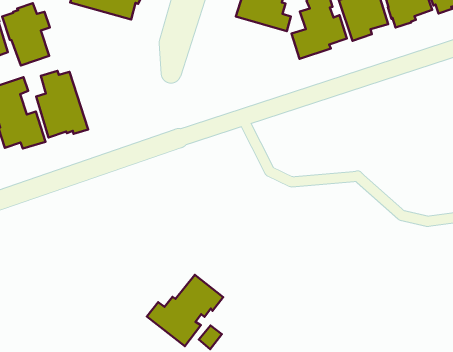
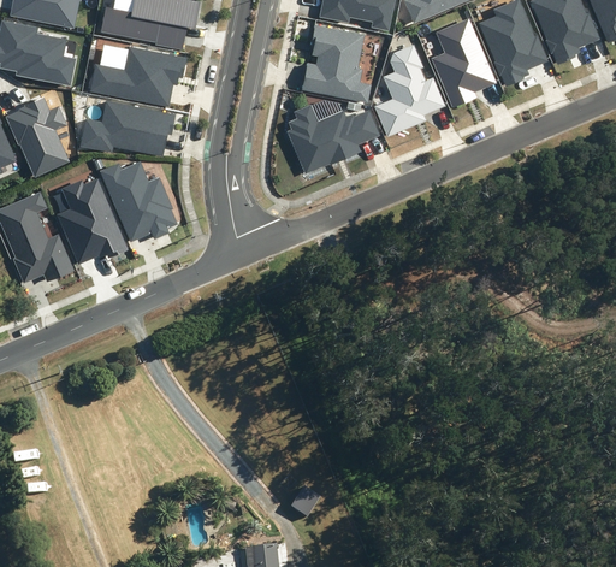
building: none -> [79,100,174,155]
building: none -> [286,102,379,172]
building: none -> [99,159,176,242]
building: [147,275,223,346] -> none

